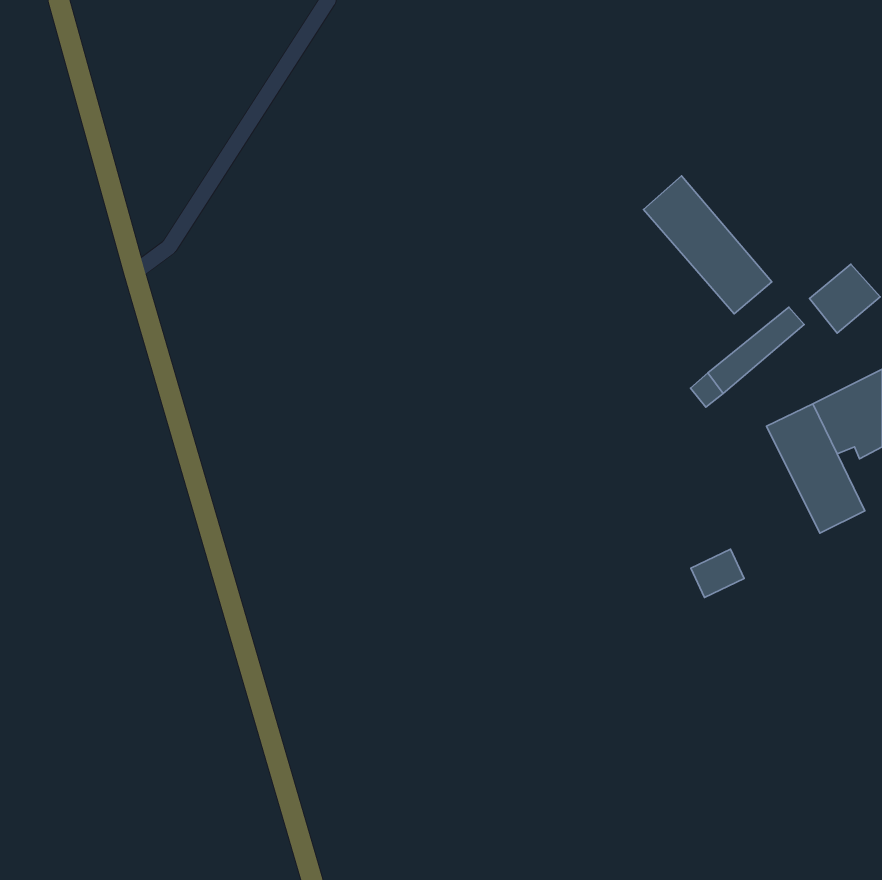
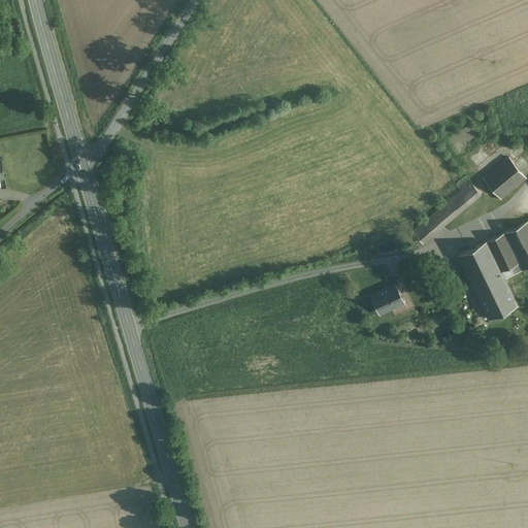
building: [643,176,772,314] -> none
building: [691,549,744,598] -> [371,286,403,315]

